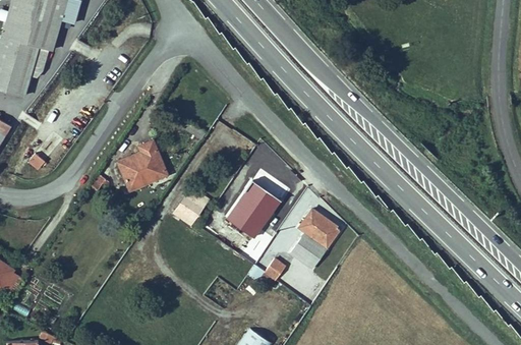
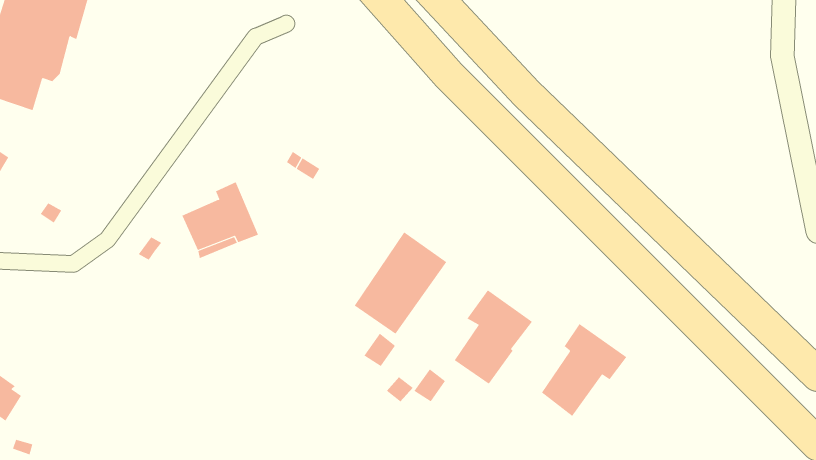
building: [175,195,210,224] -> none
building: none -> [541,323,627,417]

